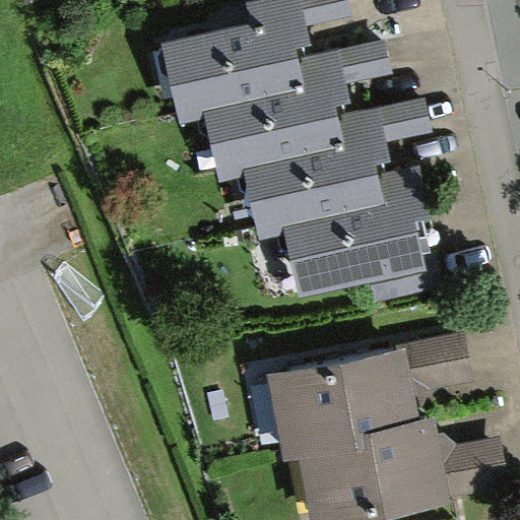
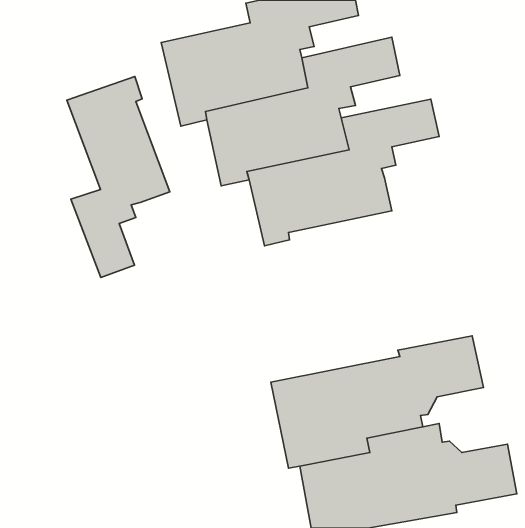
building: none -> [67,77,170,277]
building: [283,167,438,301] -> none

